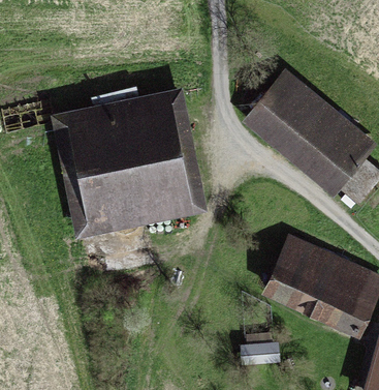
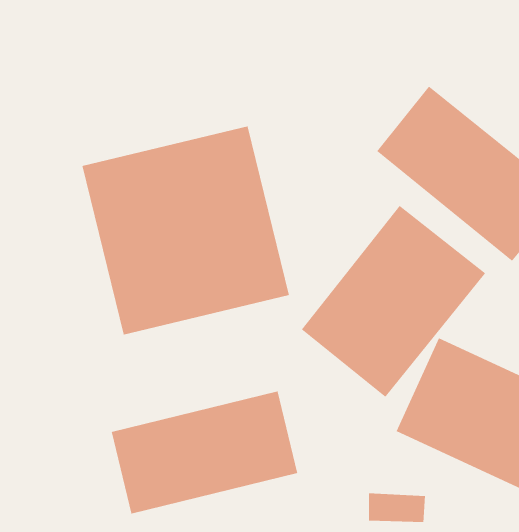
building: none -> [301,205,486,398]
building: none -> [111,391,298,515]

